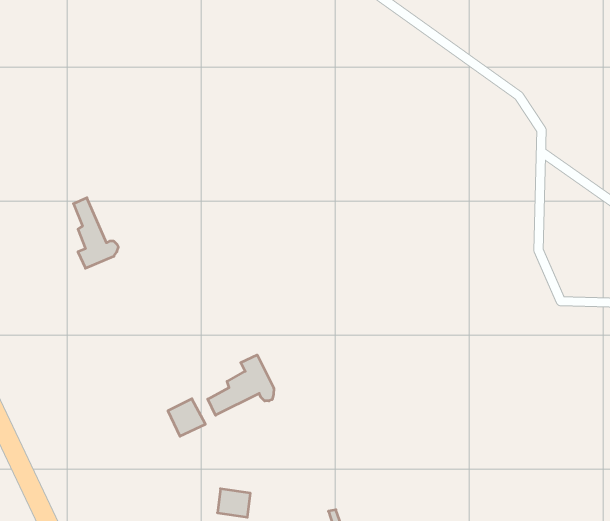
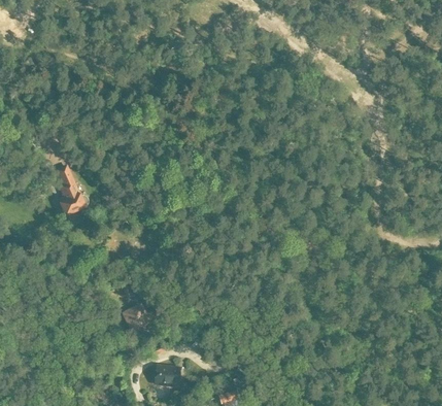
building: [208,355,274,415] -> none

